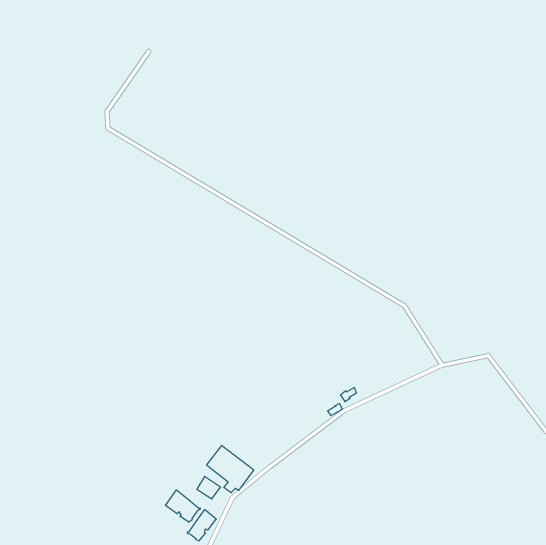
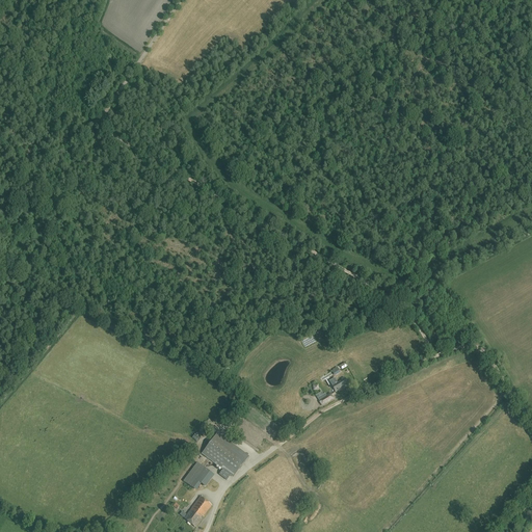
building: [165,490,200,522] -> none

